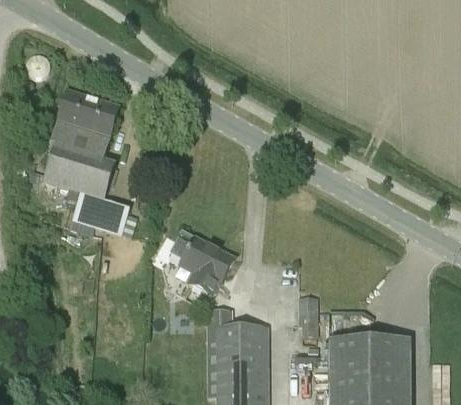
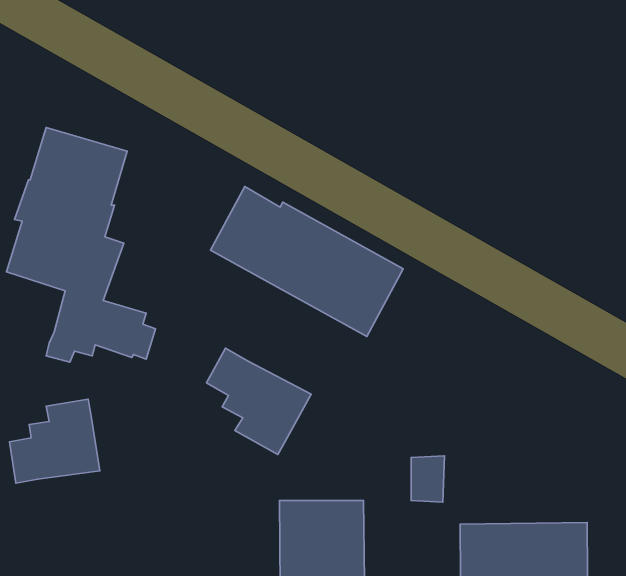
building: none -> [211,187,403,336]
building: none -> [9,399,100,483]

